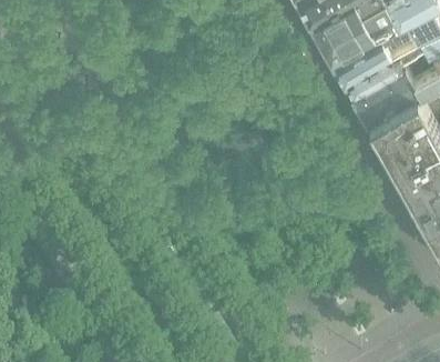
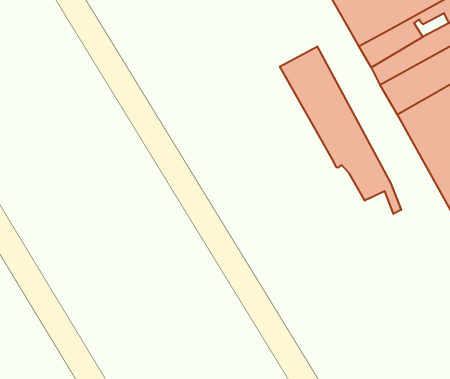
building: none -> [280,47,401,214]

